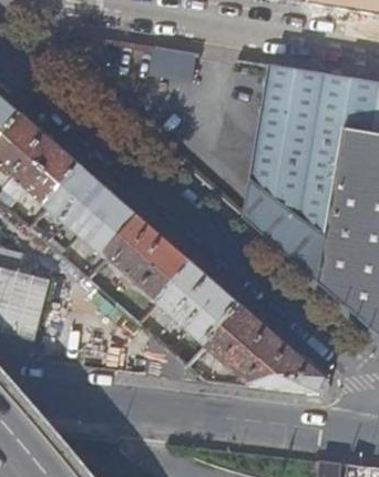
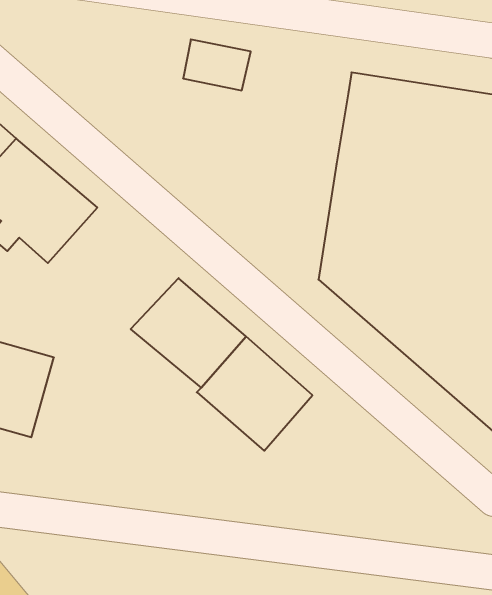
building: [48,166,144,258] -> none
building: [206,305,329,395] -> none

